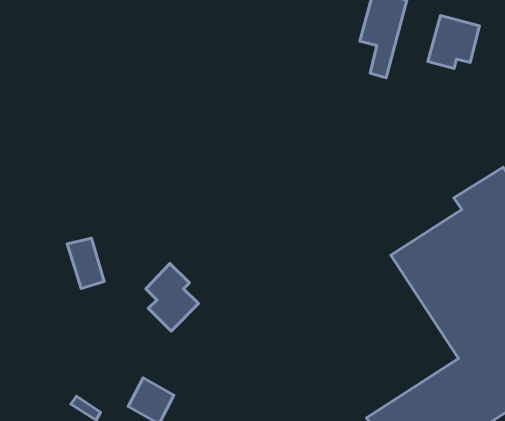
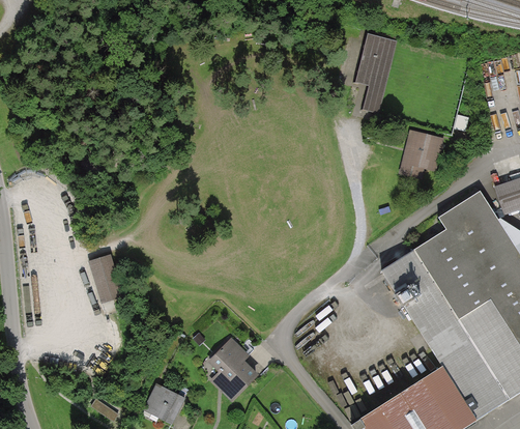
building: [428,16,479,68] -> [402,130,449,177]
building: [146,264,199,331] -> [210,338,258,399]

